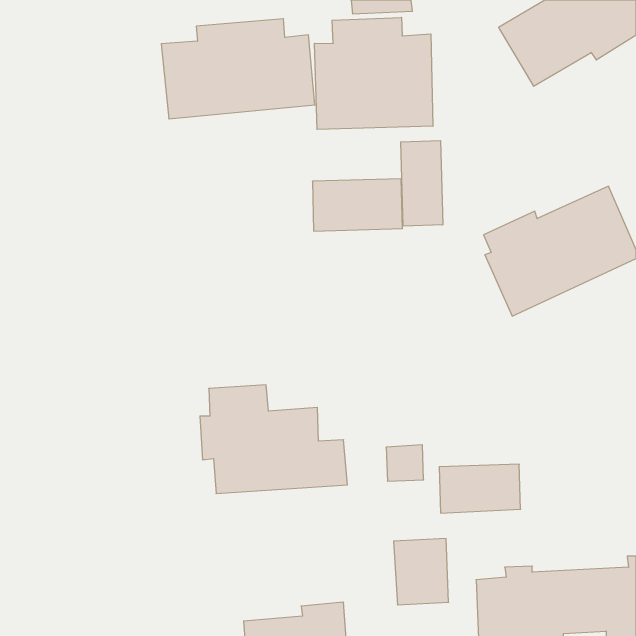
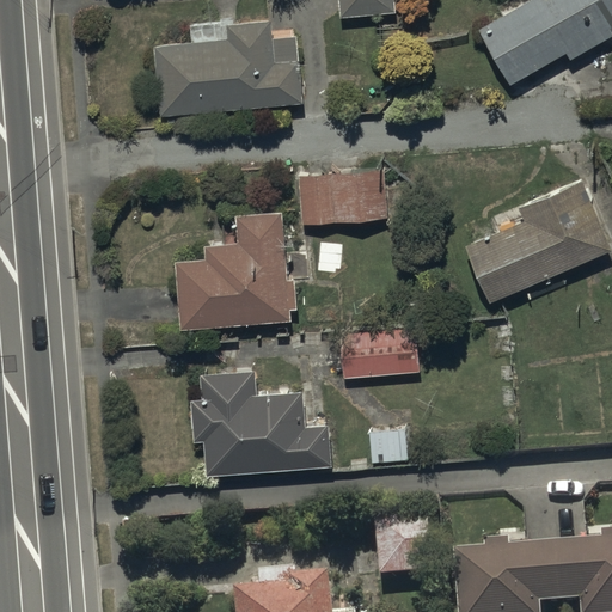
building: [314,17,433,129] -> none
building: [401,141,443,226] -> none
building: none -> [177,212,308,329]
building: [439,464,521,513] -> [342,330,420,377]

